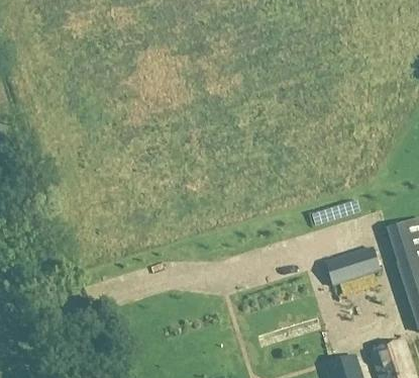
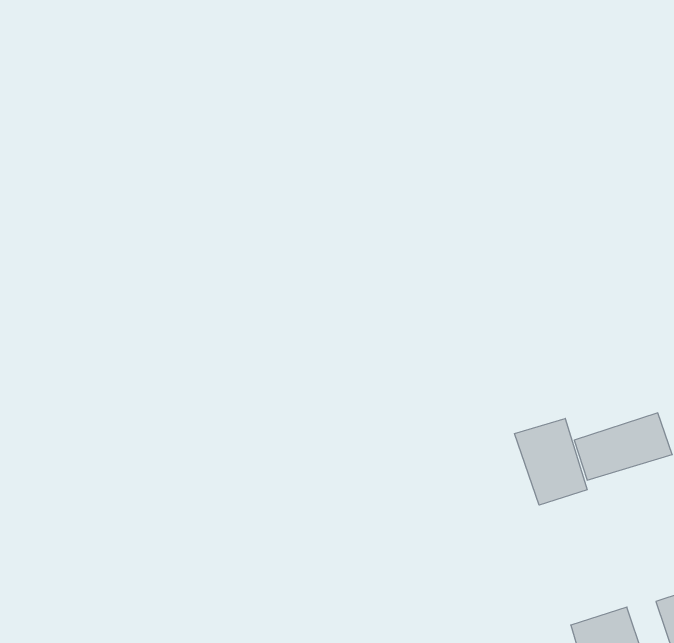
building: none -> [514,418,587,505]

